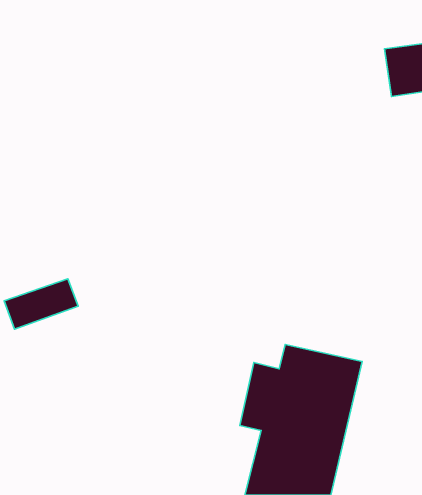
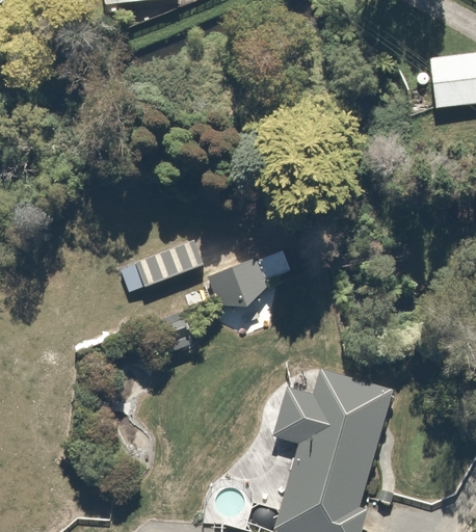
building: none -> [204,261,263,312]
building: [4,279,78,329] -> [123,239,199,291]

